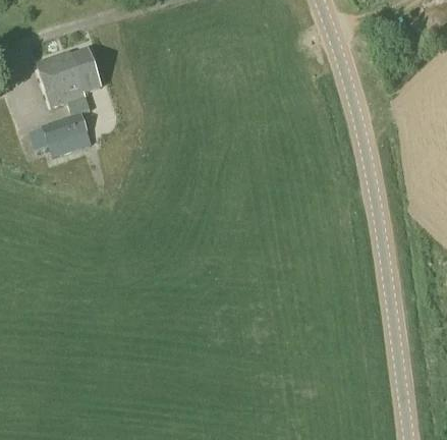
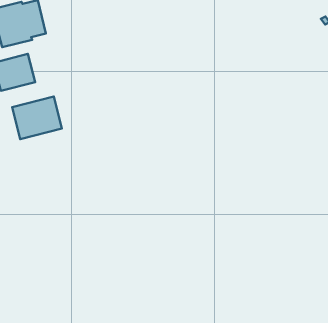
building: none -> [12,97,62,139]

